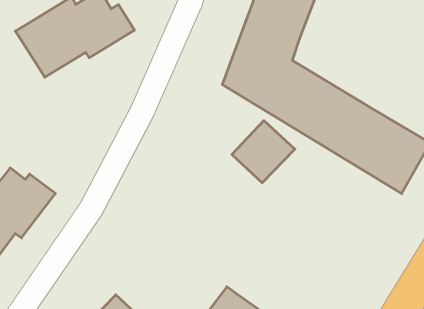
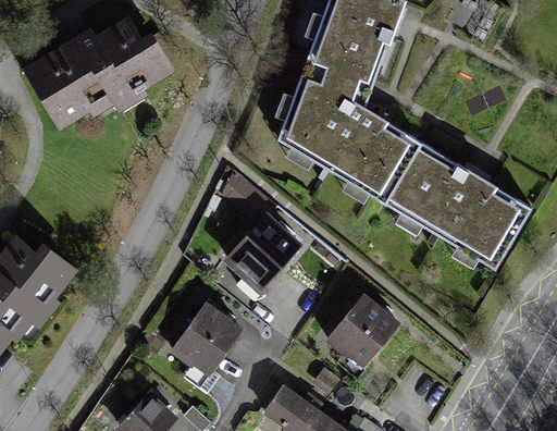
building: [232,121,295,183] -> [225,216,302,292]
building: none -> [324,296,403,375]
building: none -> [171,304,240,391]

